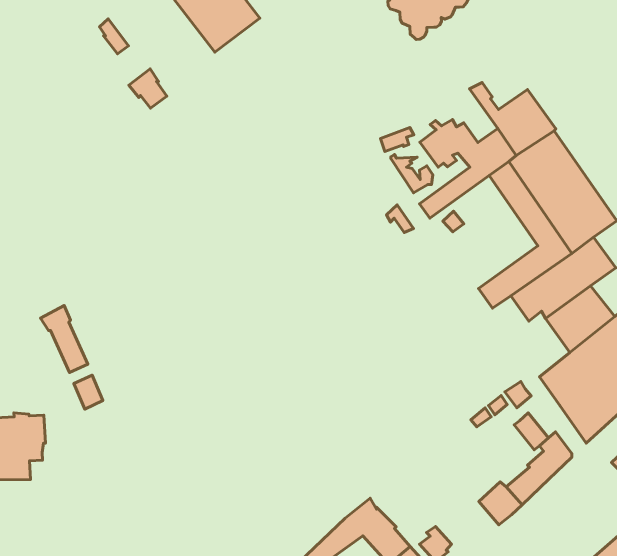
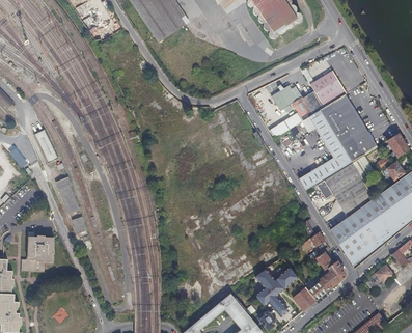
building: none -> [254,267,297,315]

